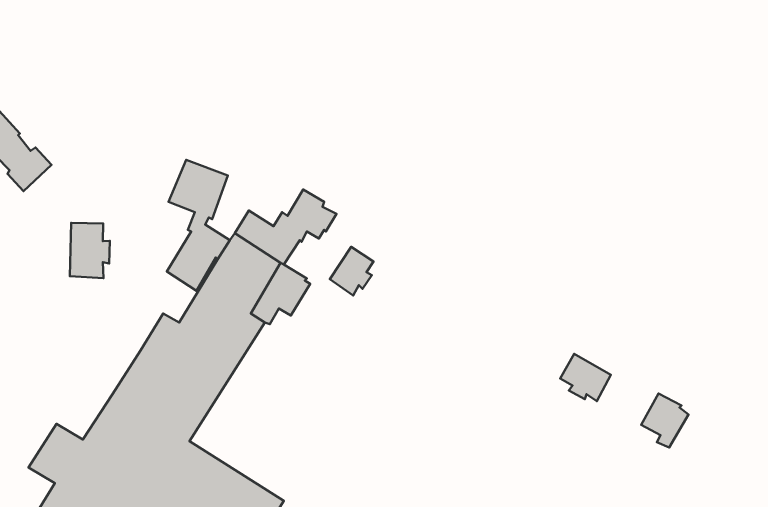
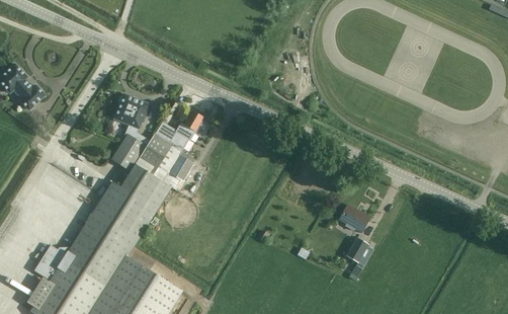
building: [70,223,110,278] -> none
building: [330,247,374,295] -> none
building: [641,393,688,448] -> [346,238,373,269]

